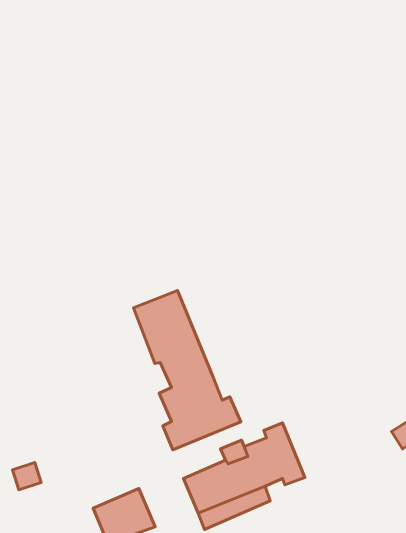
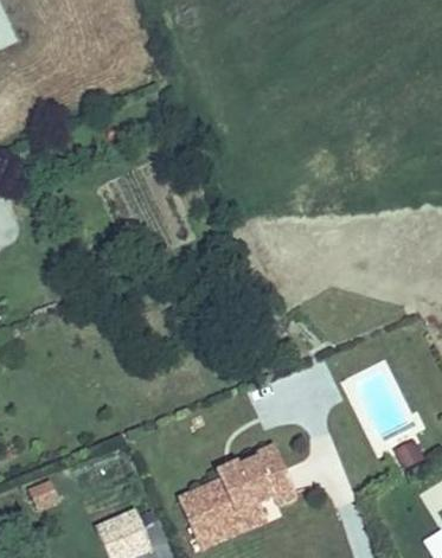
building: [134,291,241,450] -> none

